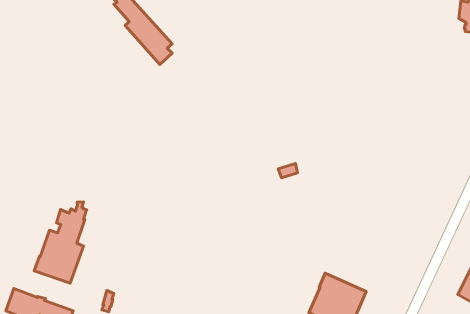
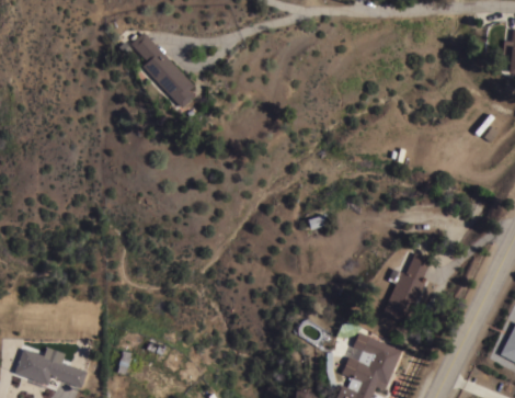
building: none -> [384,253,432,322]
building: [34,202,87,283] -> none

